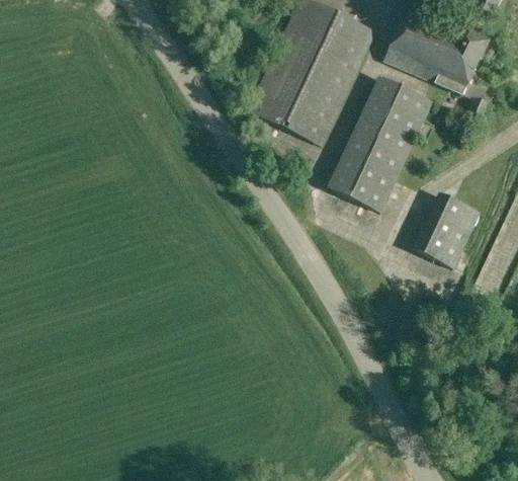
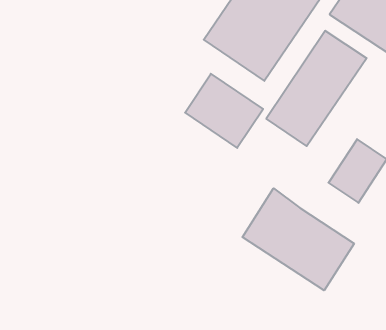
building: none -> [185,74,263,148]
building: none -> [242,188,354,290]

